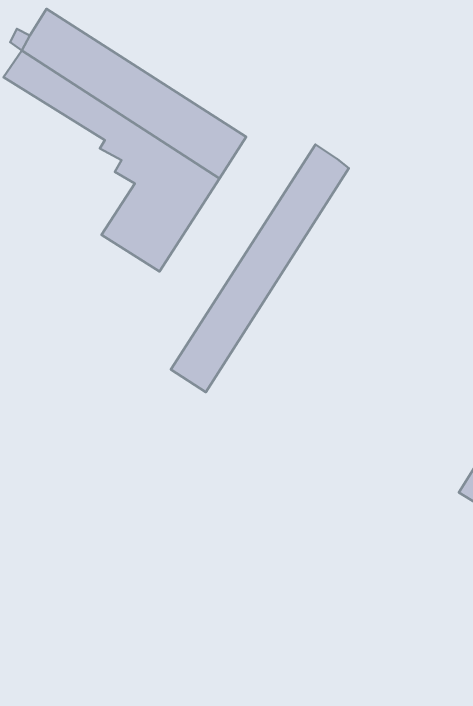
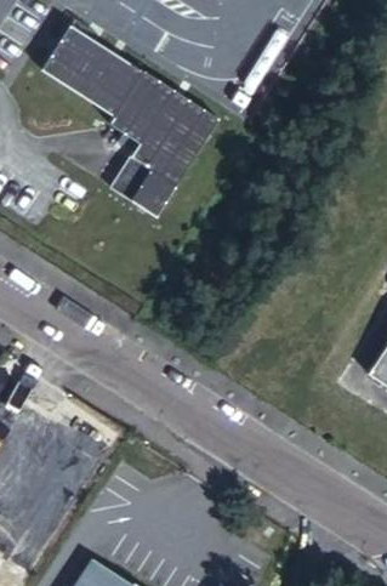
building: [171,145,349,392] -> none

